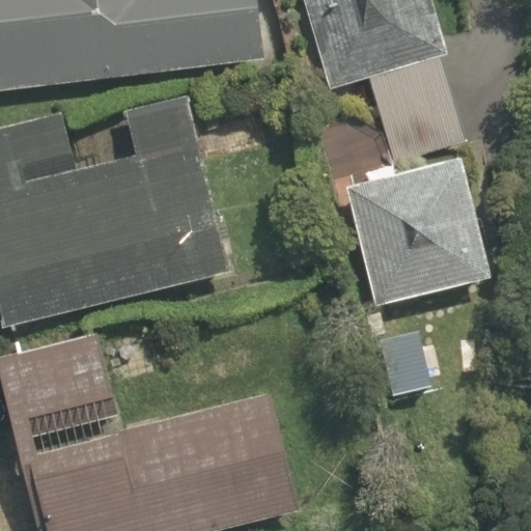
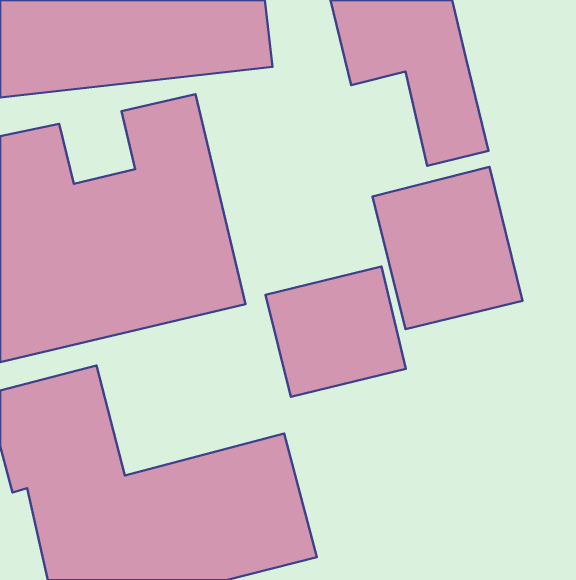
building: none -> [266,266,406,397]

